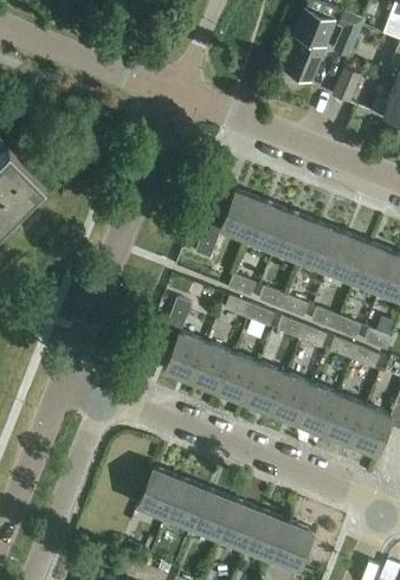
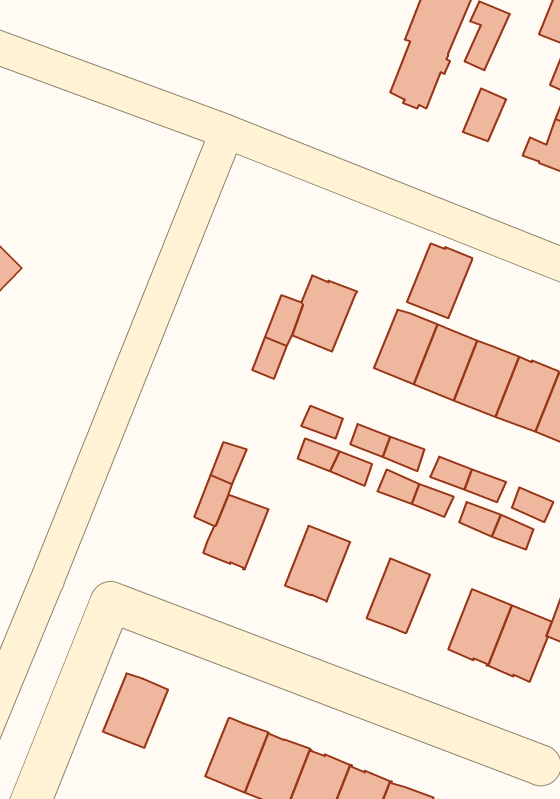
building: [250,204,292,252] -> [407,244,472,318]
building: [193,344,234,394] -> none
building: [246,366,288,415] -> none
building: [298,387,341,436] -> none
building: [140,470,182,518] -> [103,673,168,748]

